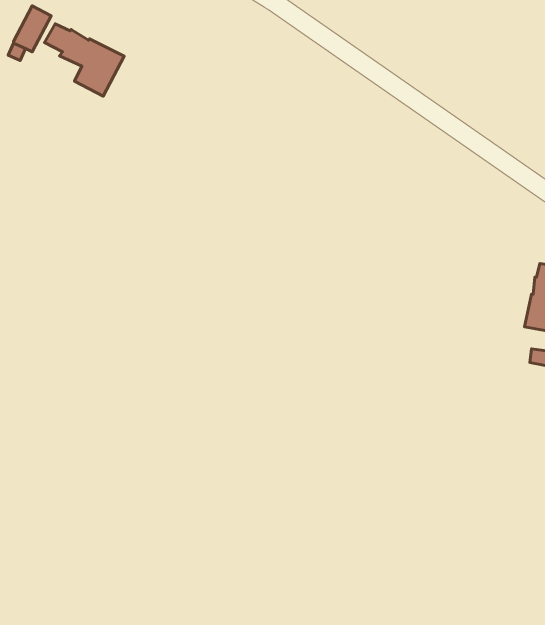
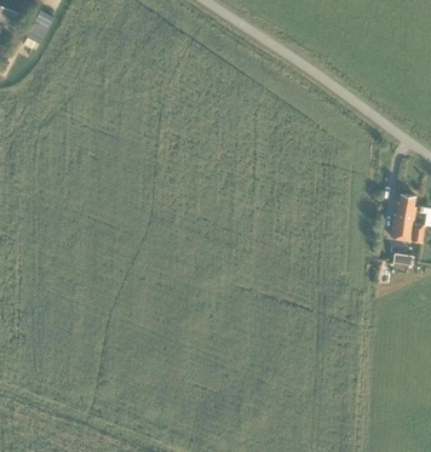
building: [44,24,124,96] -> none

